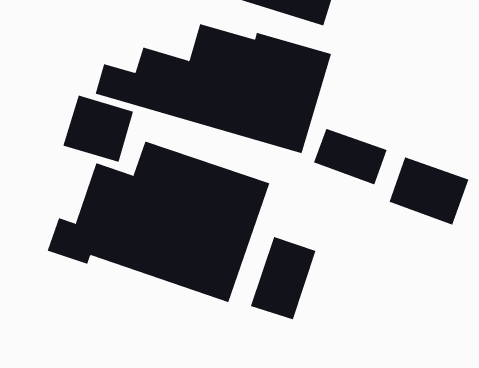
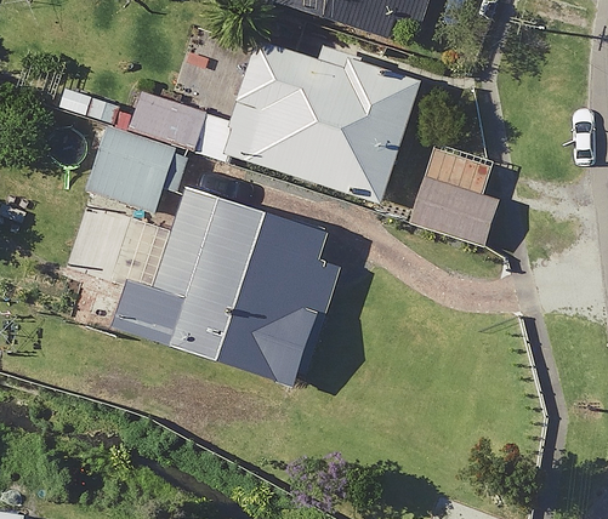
building: [389,156,469,225] -> none
building: [250,236,316,320] -> none

